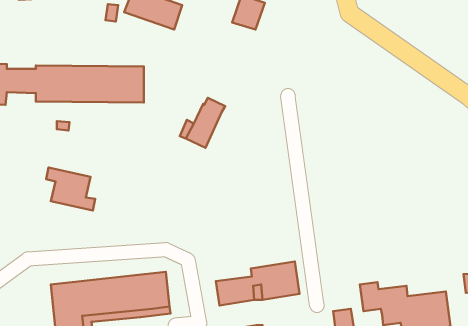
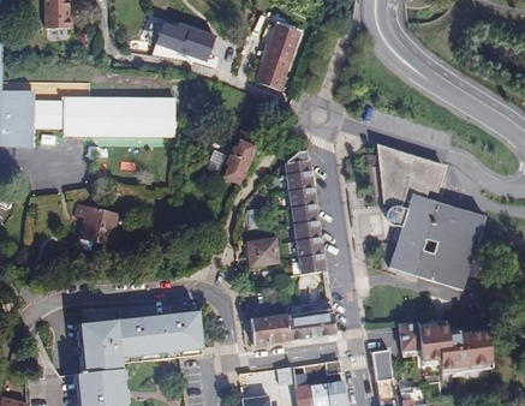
building: none -> [257,53,291,90]
building: none -> [378,145,485,289]
building: none -> [286,151,324,275]
building: none -> [247,238,279,265]

